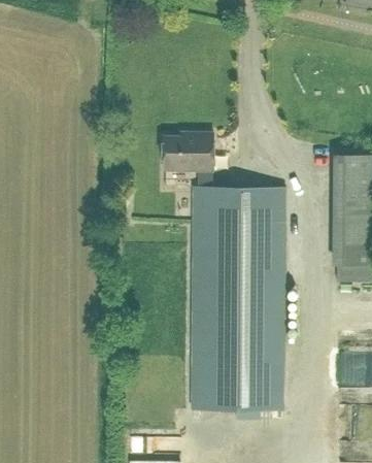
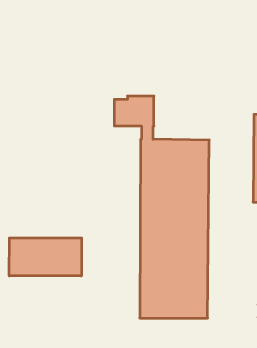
building: none -> [9,238,82,276]

